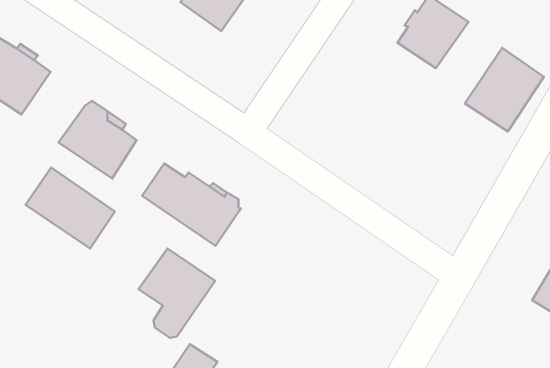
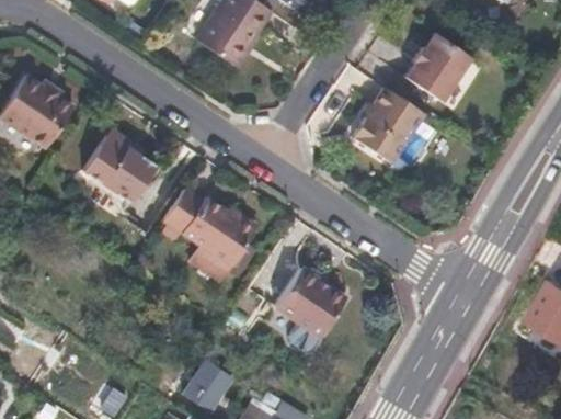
building: [465,48,544,131] -> [350,84,424,163]
building: [26,167,115,249] -> none
building: [138,249,215,338] -> [275,268,347,352]

